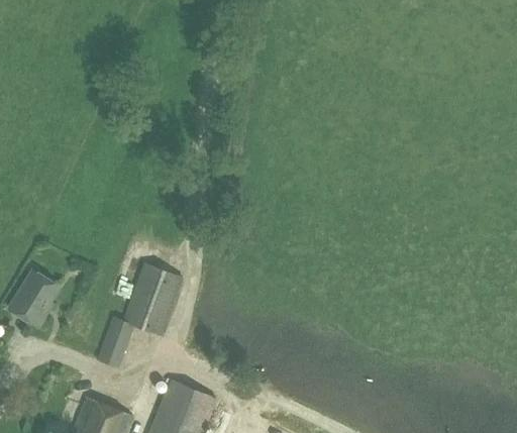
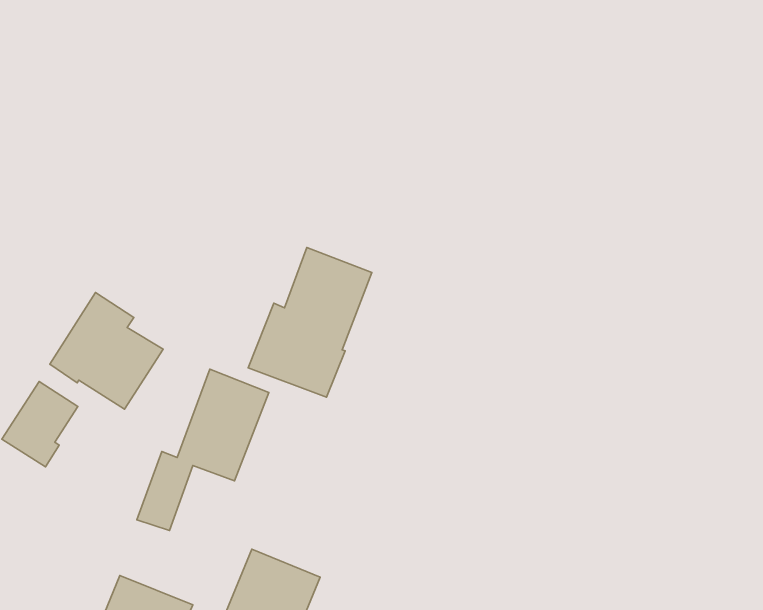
building: none -> [248,248,372,397]
building: none -> [50,292,163,409]

